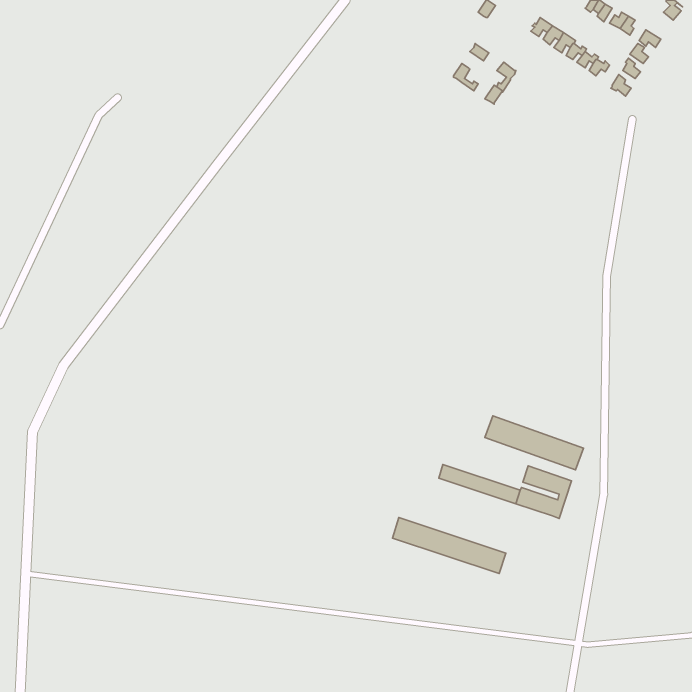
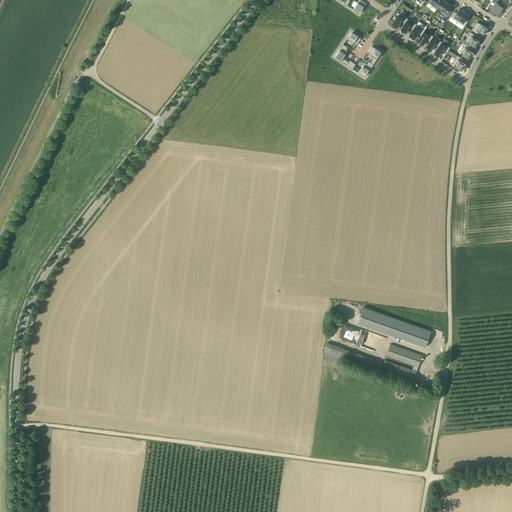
building: [392,517,506,574] -> none

